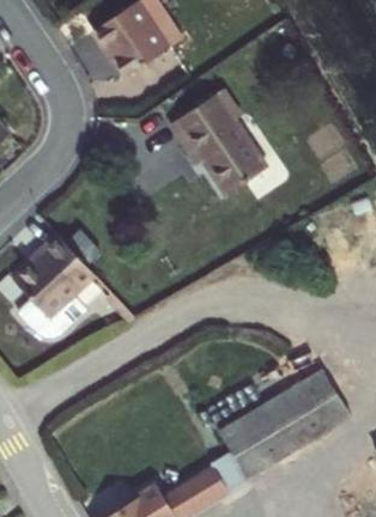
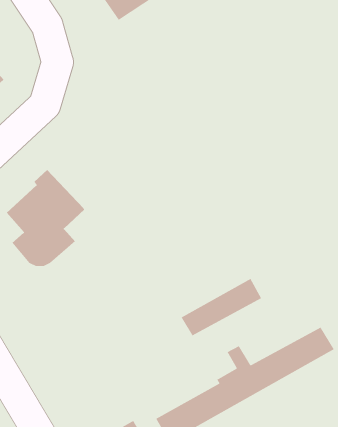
building: [174,86,268,191] -> none
building: [254,371,339,432] -> [181,278,262,337]

